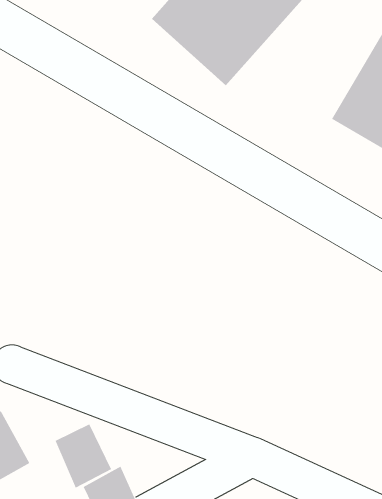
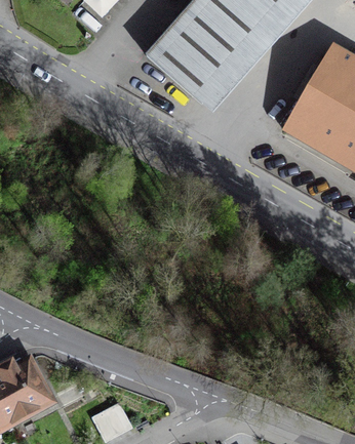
building: [55,423,112,489] -> none

